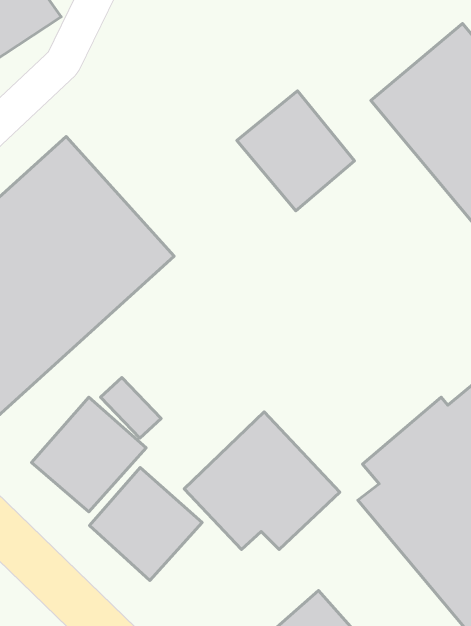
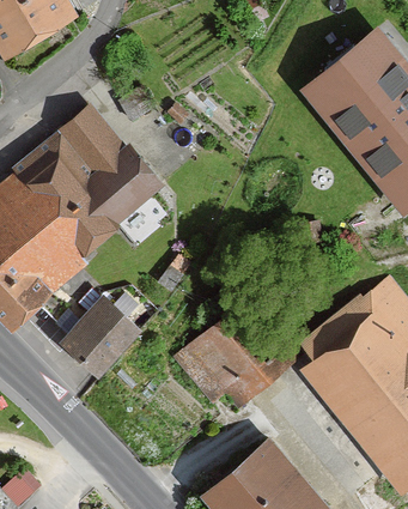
building: [237,91,355,211] -> none
building: [89,467,202,581] -> none

